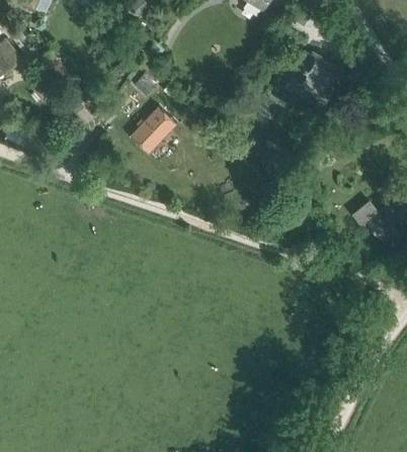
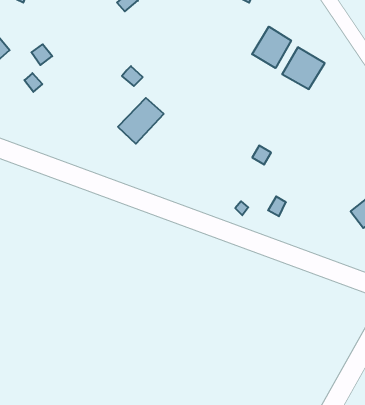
building: none -> [252,27,291,68]

